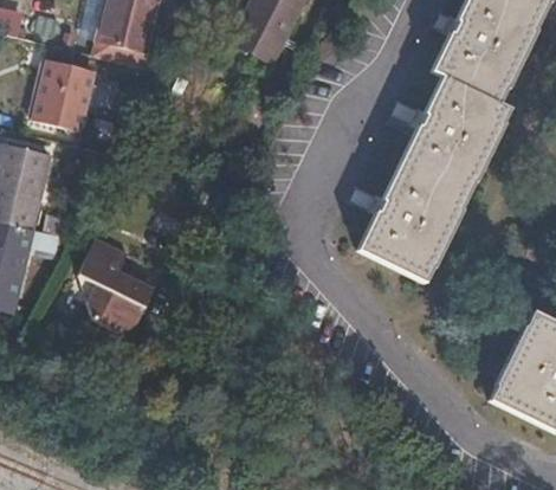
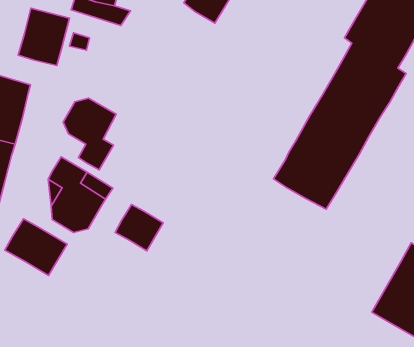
building: none -> [63,98,116,170]
building: none -> [115,204,163,251]
building: none -> [5,219,67,276]

